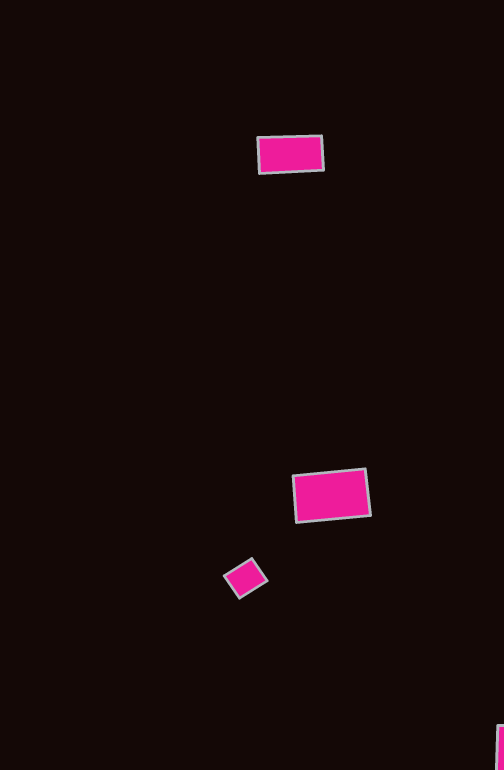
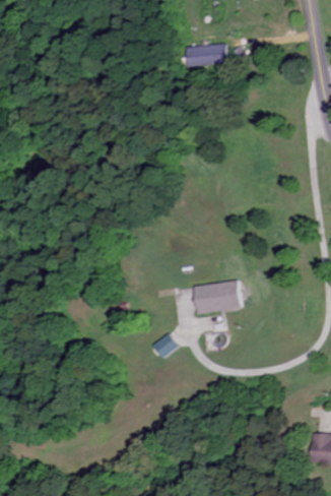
building: [258,136,323,174] -> [189,45,227,67]

